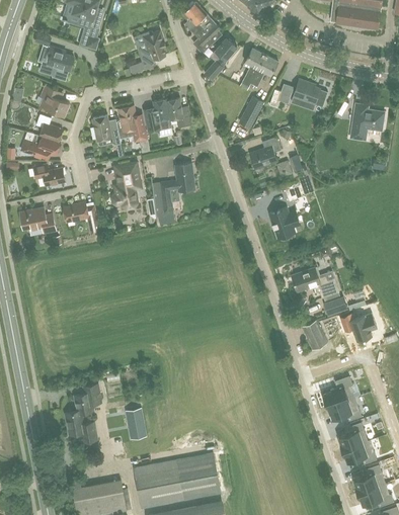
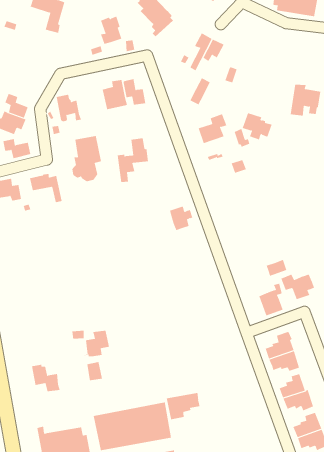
building: [204,36,236,79] -> none
building: [39,46,73,79] -> none
building: [293,78,326,108] -> [242,113,272,140]
building: [36,85,68,114] -> none
building: [115,104,149,152] -> none
building: [270,208,297,236] -> [169,206,193,231]
building: [291,266,338,296] -> none
building: [65,383,101,413] -> [77,330,110,357]
building: none -> [166,392,200,420]

